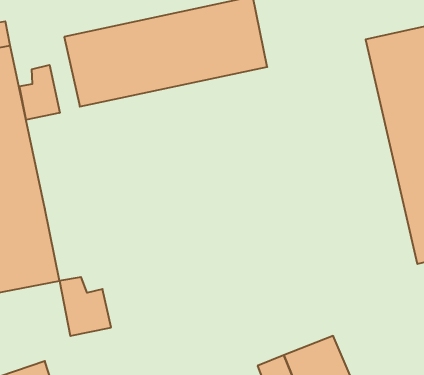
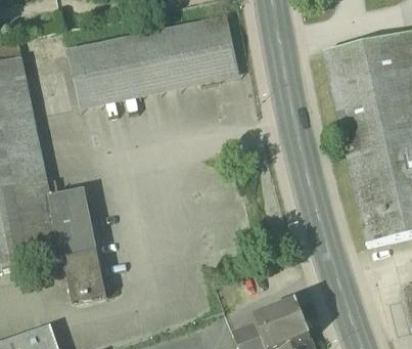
building: [19,65,60,120] -> none
building: none -> [50,189,99,267]

